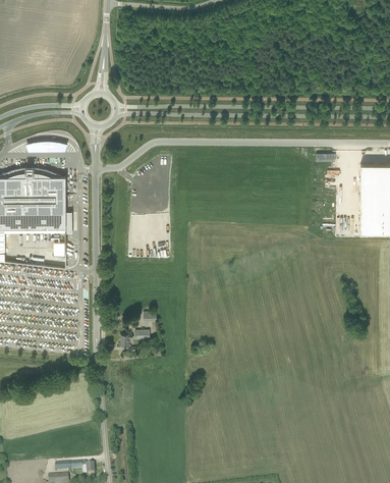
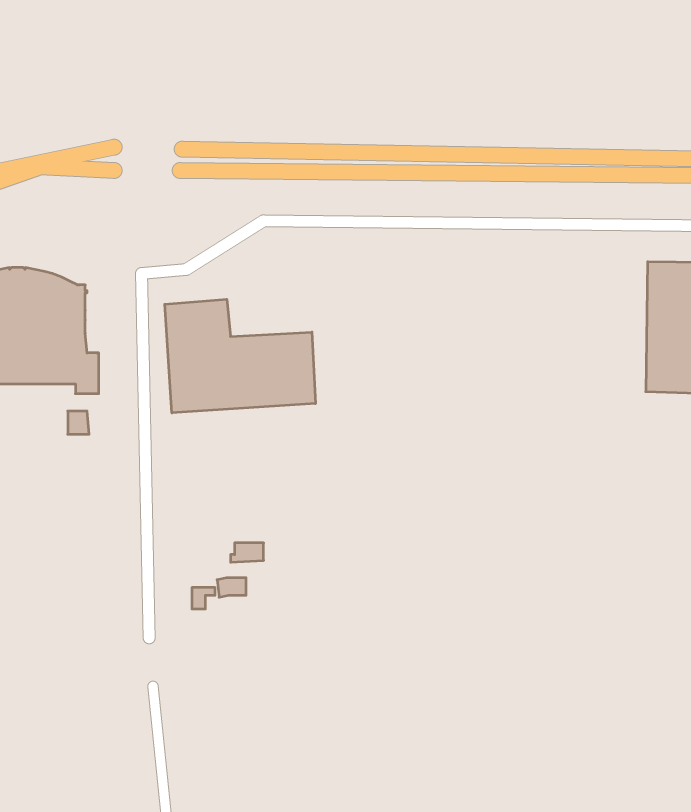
building: none -> [165,299,315,413]

